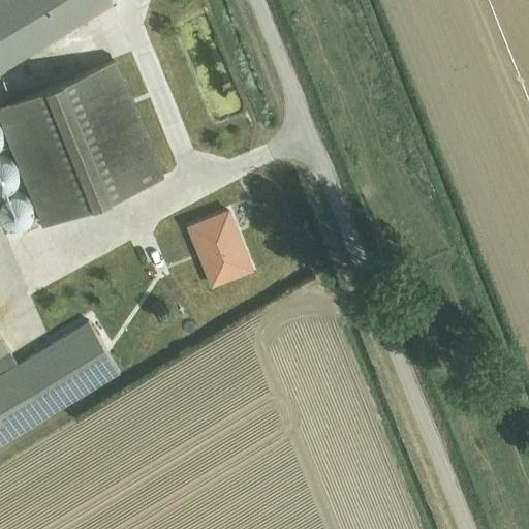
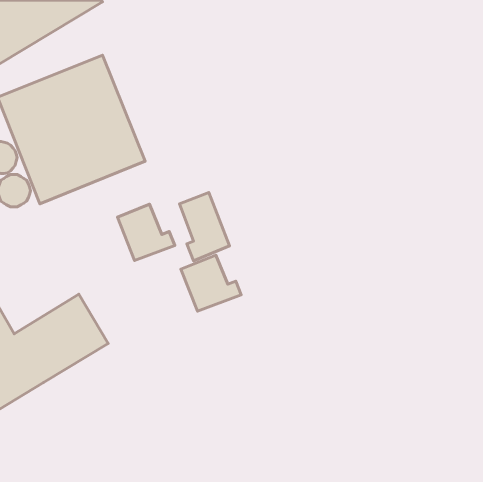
building: none -> [117,204,175,261]
building: none -> [181,255,241,311]

